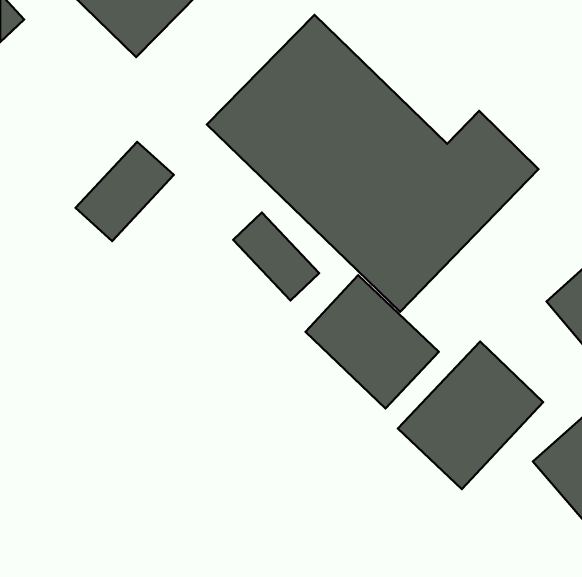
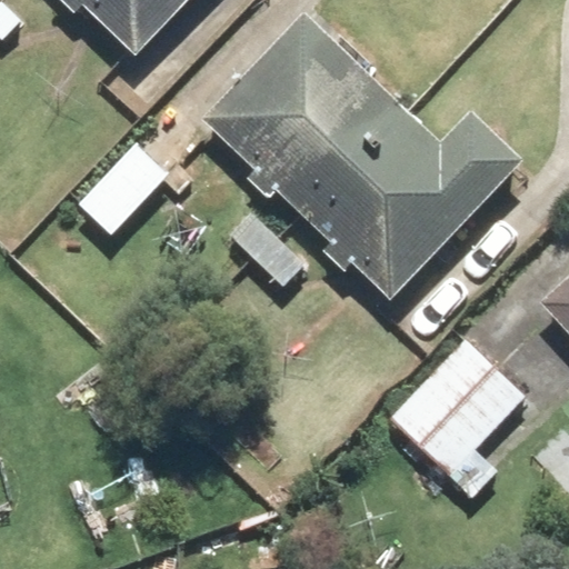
building: [305,275,439,408] -> none

